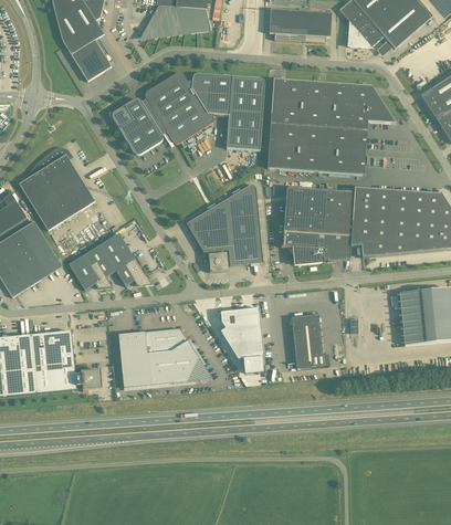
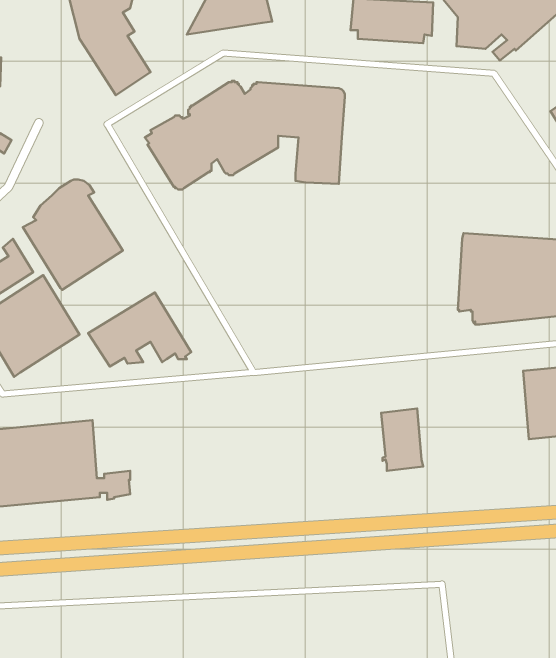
building: [268,77,396,174] -> none
building: [187,182,263,271] -> none
building: [281,187,354,262] -> none
building: [220,306,264,371] -> none
building: [118,327,206,387] -> none

